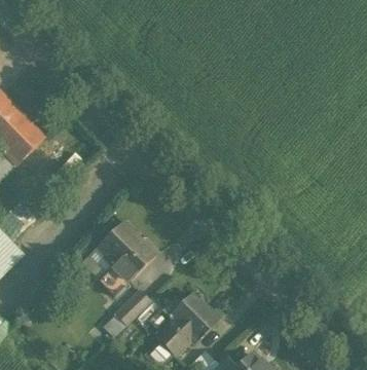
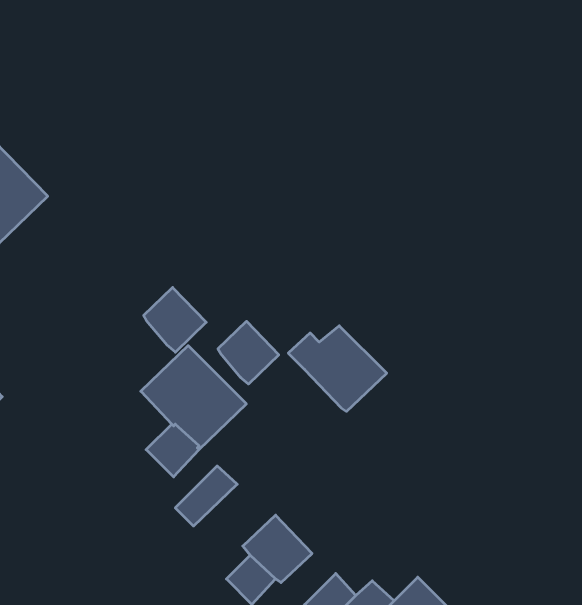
building: none -> [144,287,206,352]
building: none -> [218,321,279,384]
building: [164,293,220,341] -> [288,326,387,411]

